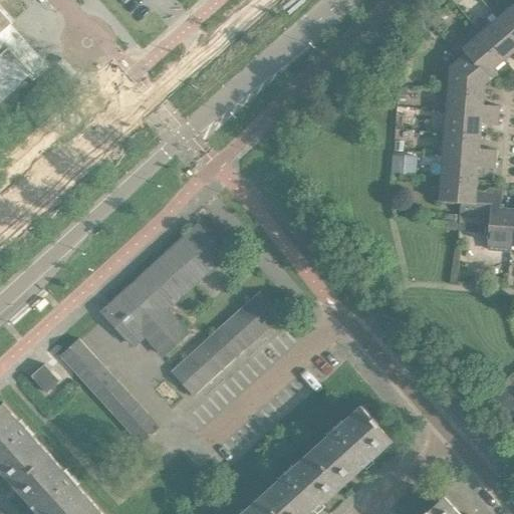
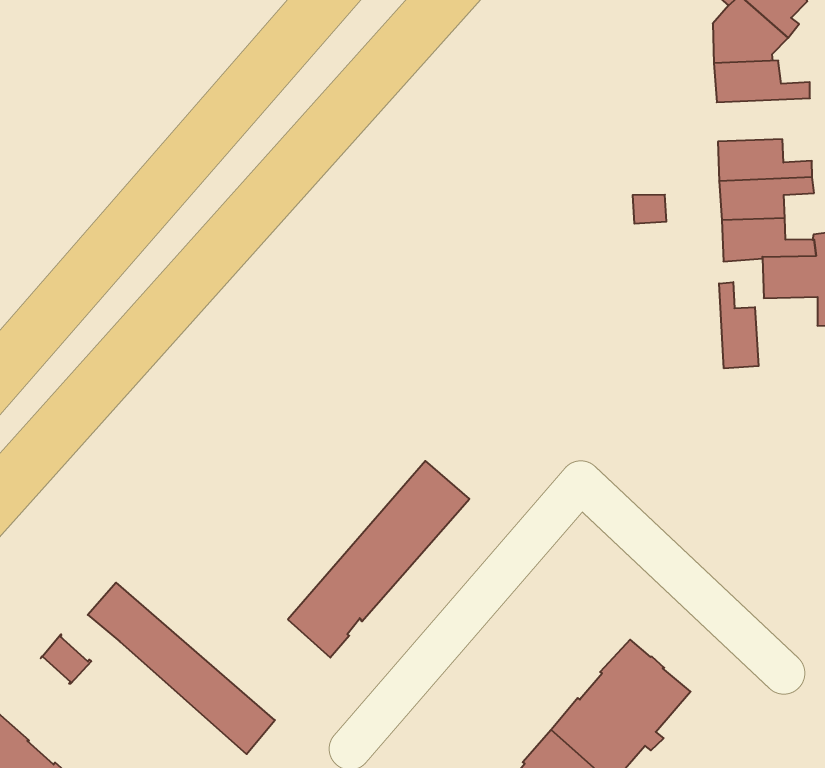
building: [443,111,497,137] -> none
building: none -> [719,282,759,368]
building: [100,225,224,355] -> none

